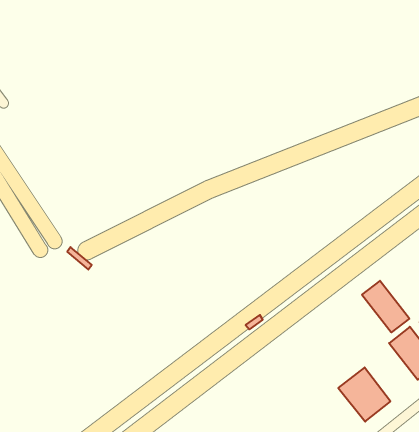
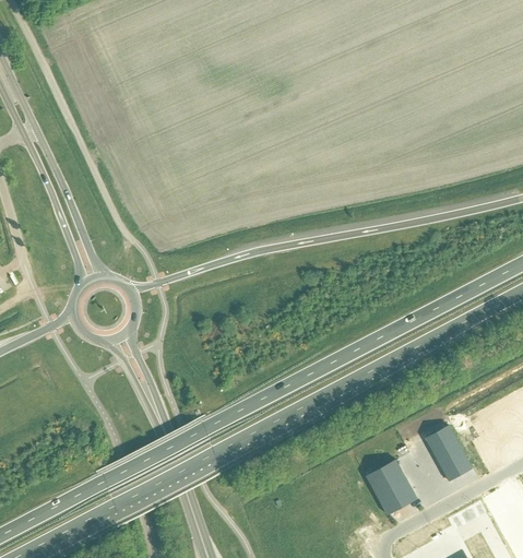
building: [362,281,409,332] -> none

